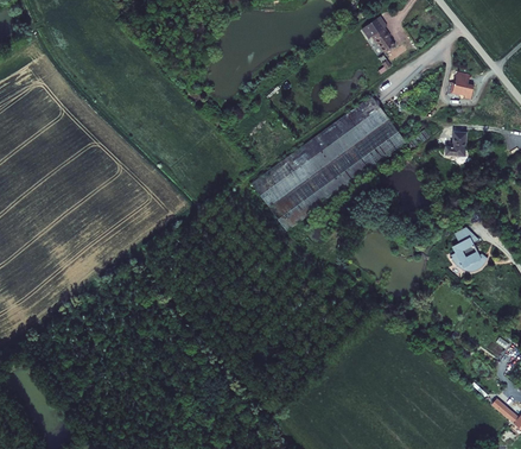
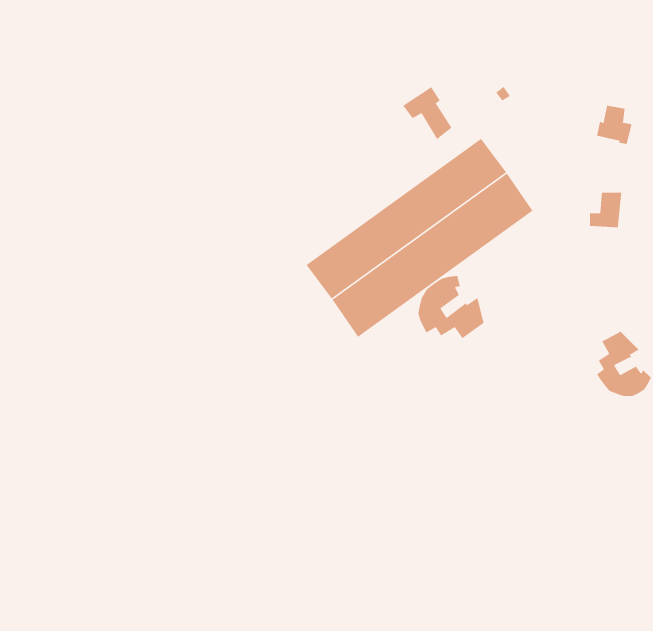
building: [361,17,395,53] -> [402,86,453,140]
building: none -> [418,275,485,339]

